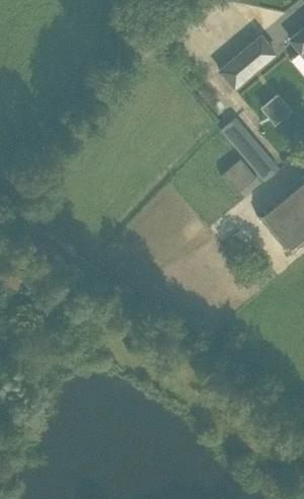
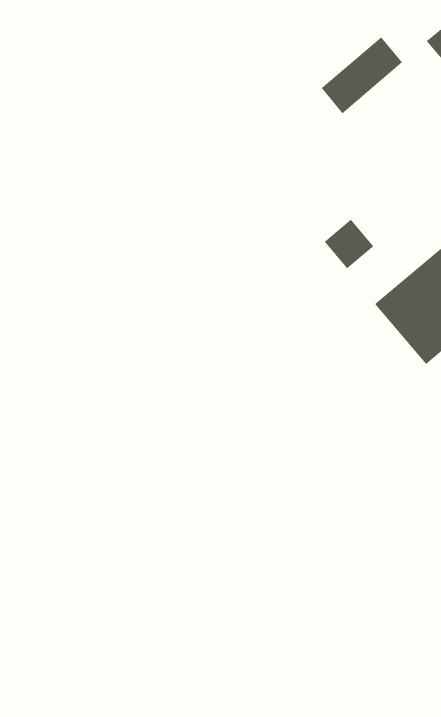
building: [259,92,292,125] -> none
building: [220,116,279,181] -> none

